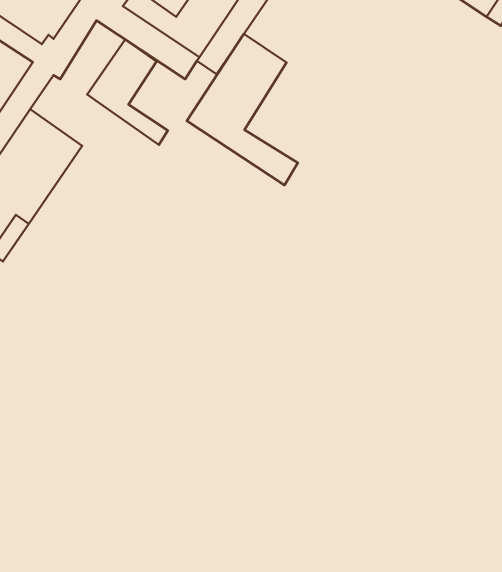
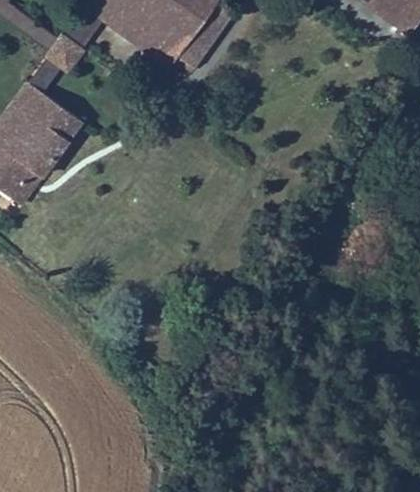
building: [187,34,298,185] -> none
building: [87,40,168,145] -> none

